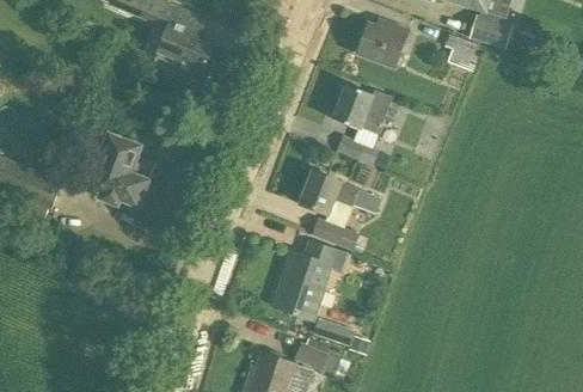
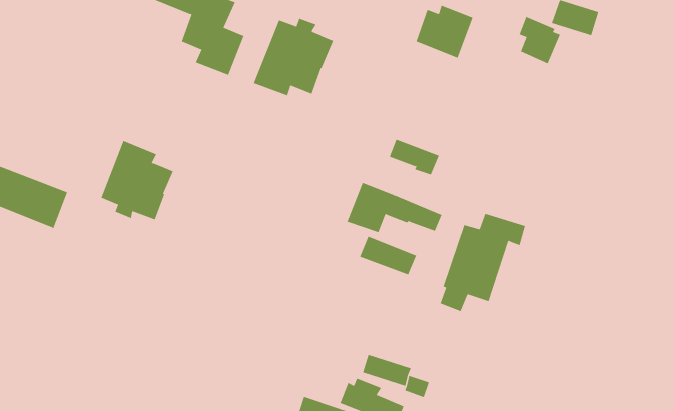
building: none -> [253,18,334,96]
building: [333,82,392,131] -> none
building: [271,241,344,325] -> [440,213,526,312]

